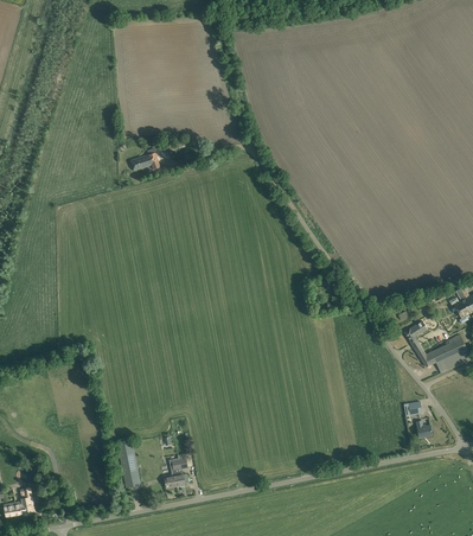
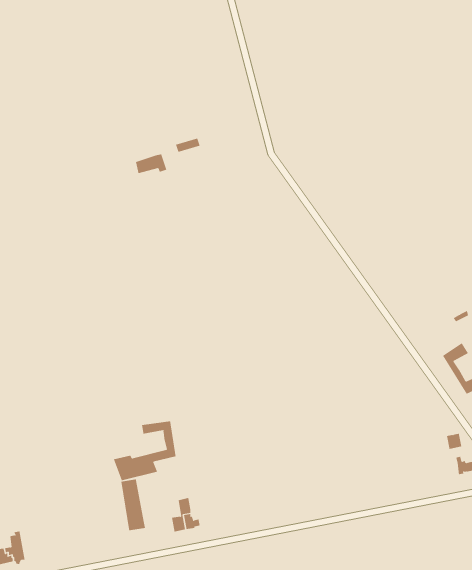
building: none -> [113,421,176,481]

